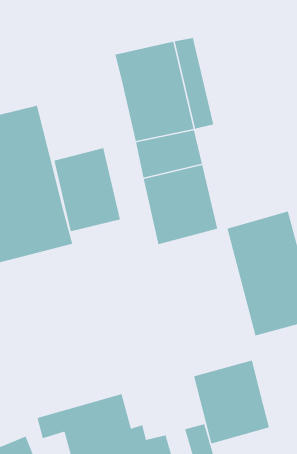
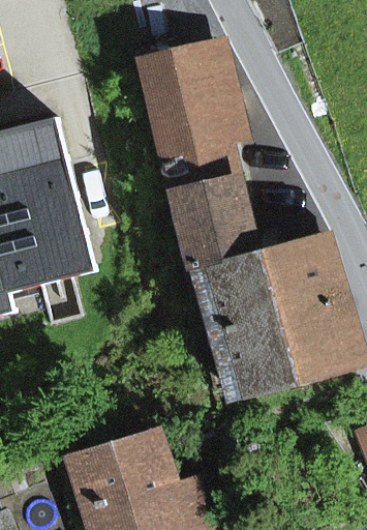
building: [53,147,121,232] -> none
building: none -> [188,254,295,391]
building: [193,360,270,444] -> none

